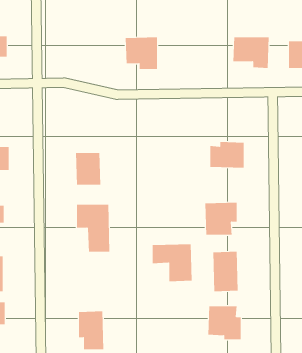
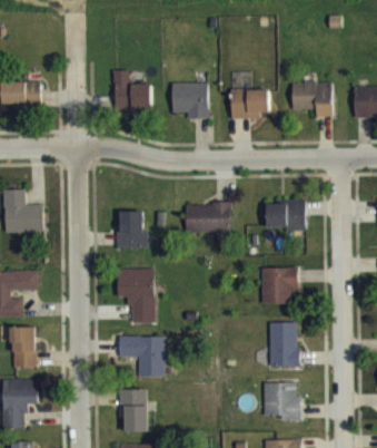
building: none -> [113,69,151,109]
building: none -> [231,88,269,118]
building: none -> [185,203,229,232]
building: [152,244,193,282] -> [119,334,165,377]

